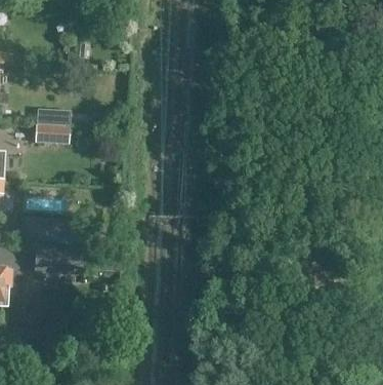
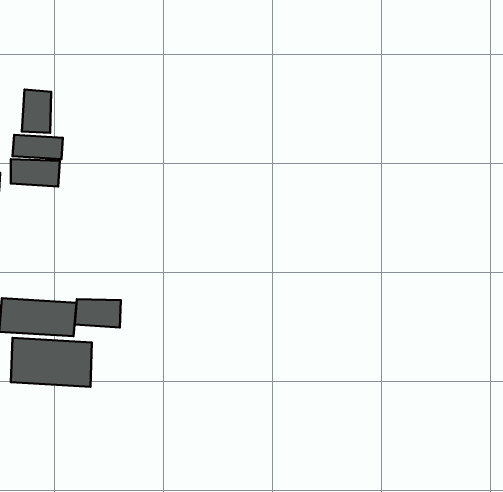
building: none -> [22,90,51,133]
building: none -> [75,299,121,327]

